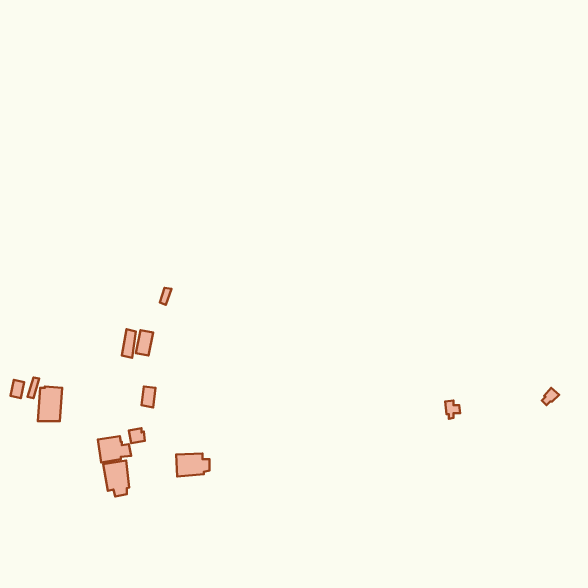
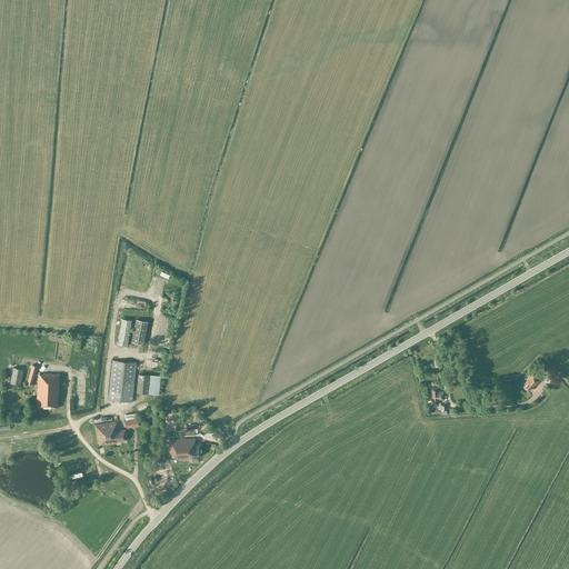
building: none -> [109,360,136,401]
building: [103,461,129,497] -> none

